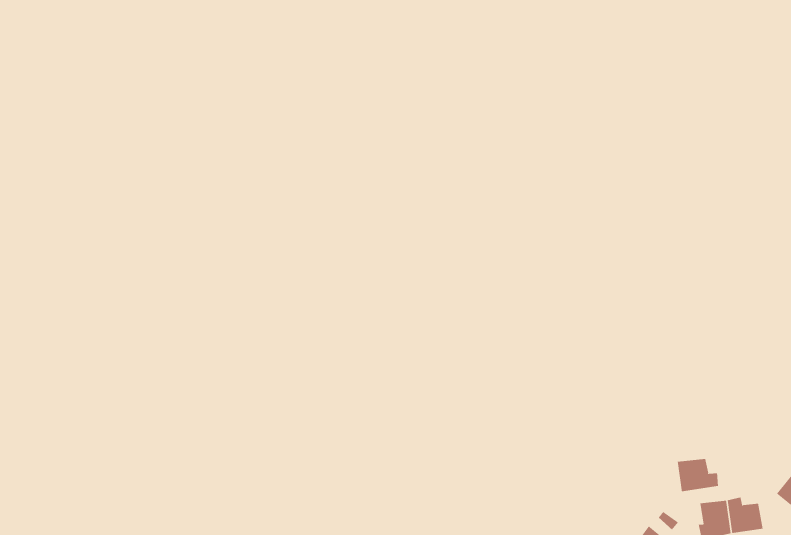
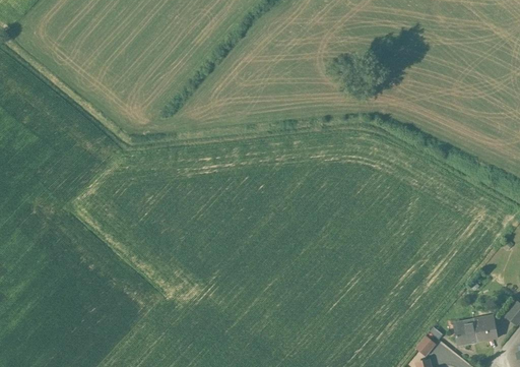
building: [677,458,718,492] -> none

